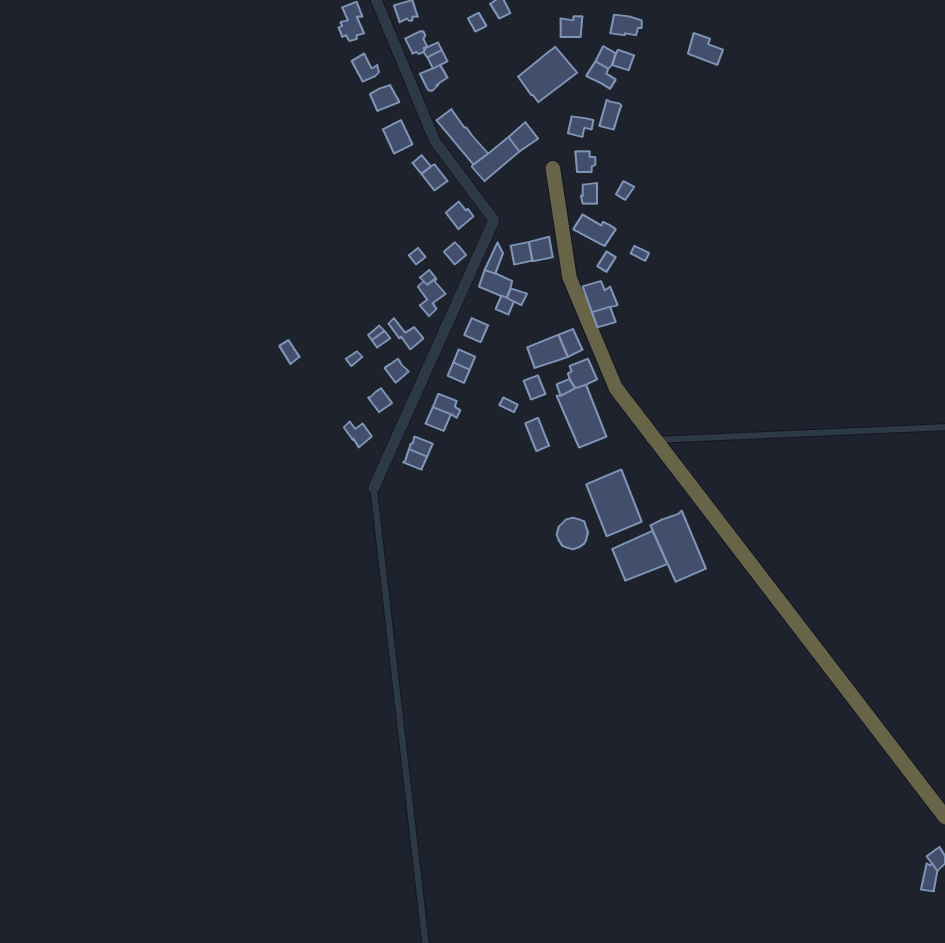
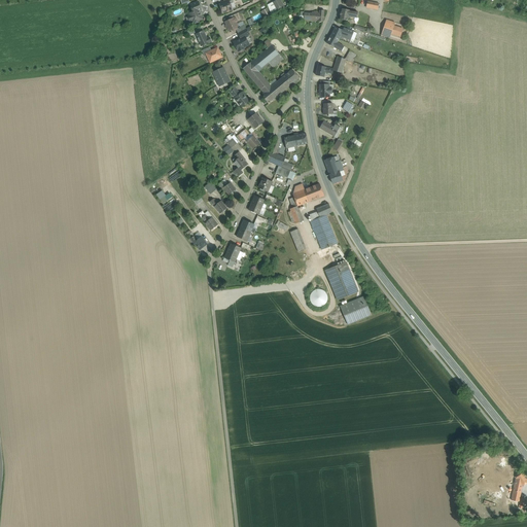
building: [518,47,577,102] -> [251,44,284,75]
building: [650,511,706,582] -> none

